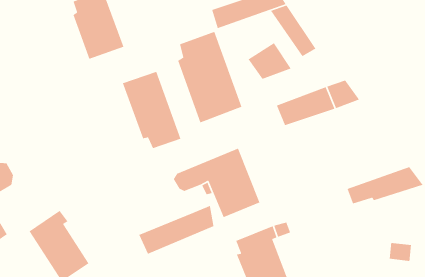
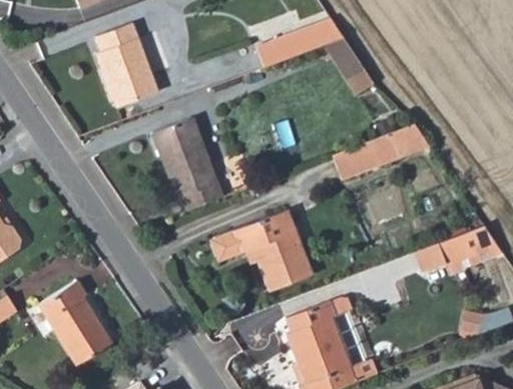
building: [177,31,242,124] -> none
building: [248,42,292,80] -> none
building: [138,205,214,255] -> none

